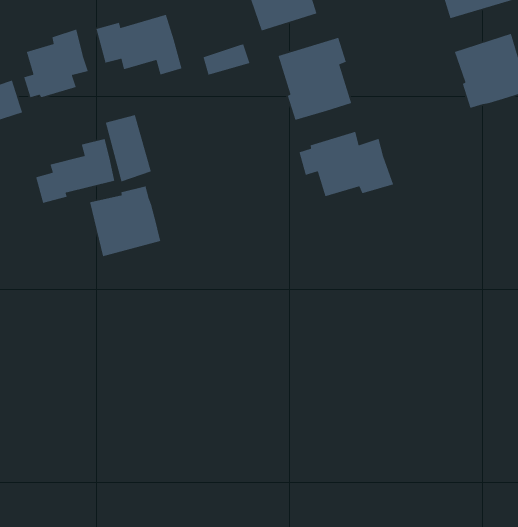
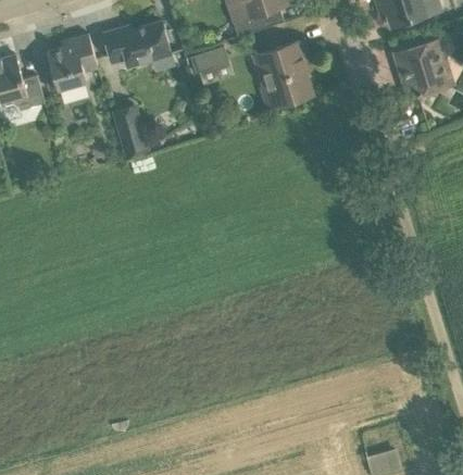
building: [298,131,394,197] -> none
building: [35,138,115,204] -> none
building: [89,186,161,257] -> none

